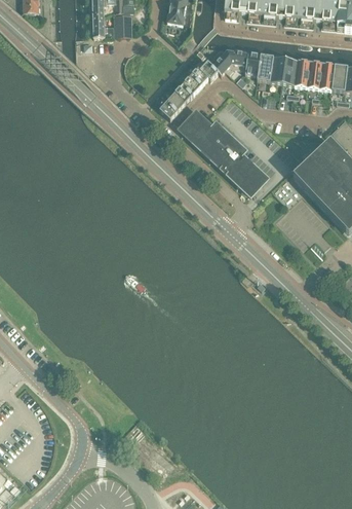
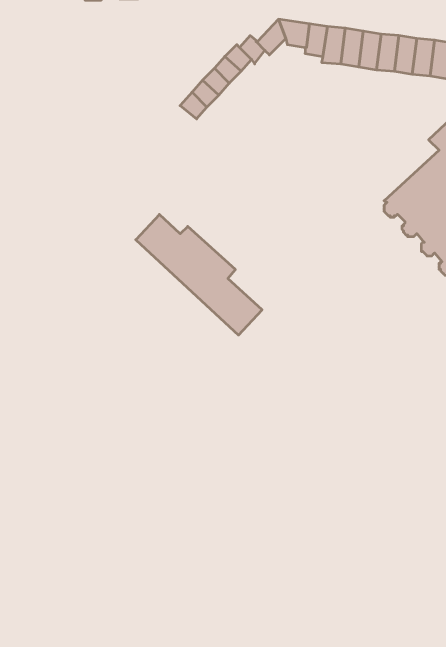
building: [180,111,267,194] -> [136,214,262,335]

